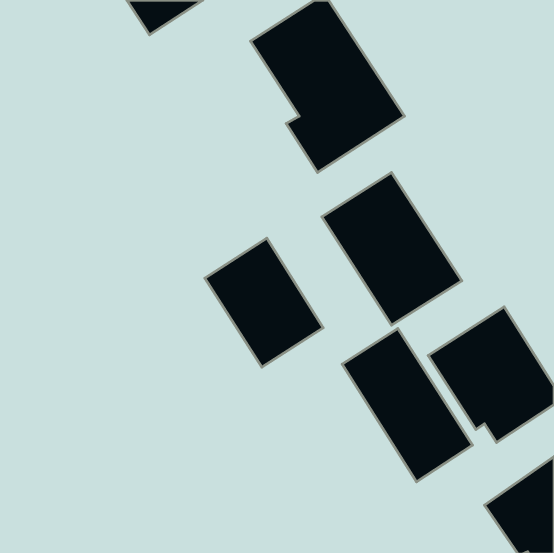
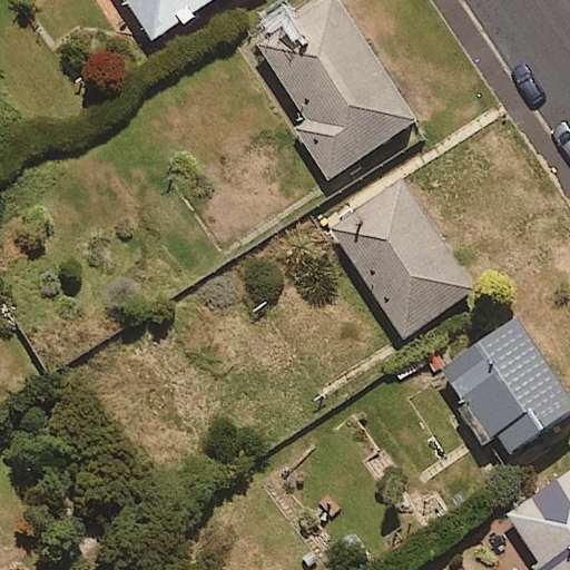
building: [205,238,323,367] -> none
building: [342,329,473,482] -> none

